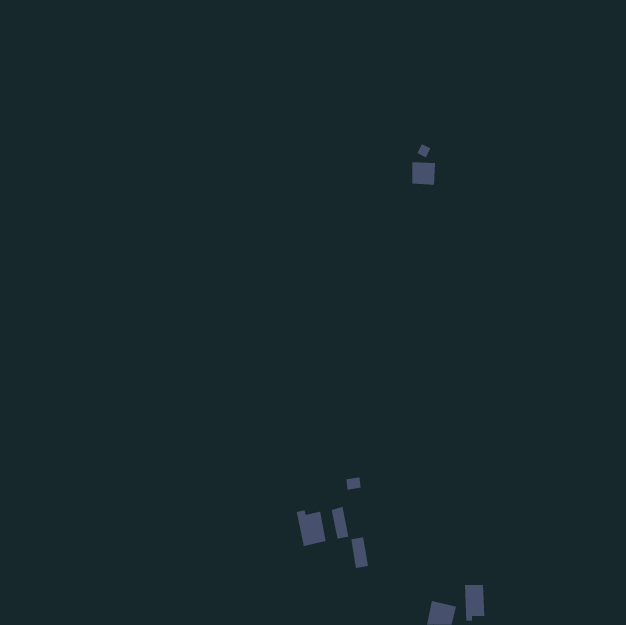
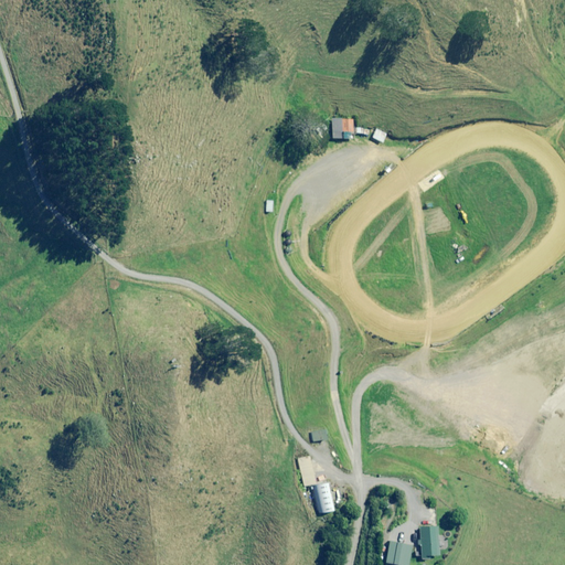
building: [411,162,436,185] -> [334,118,356,139]
building: [296,509,326,547] -> none

